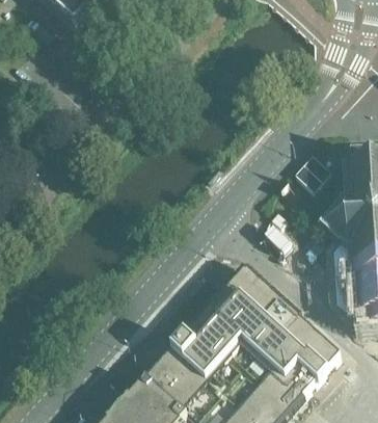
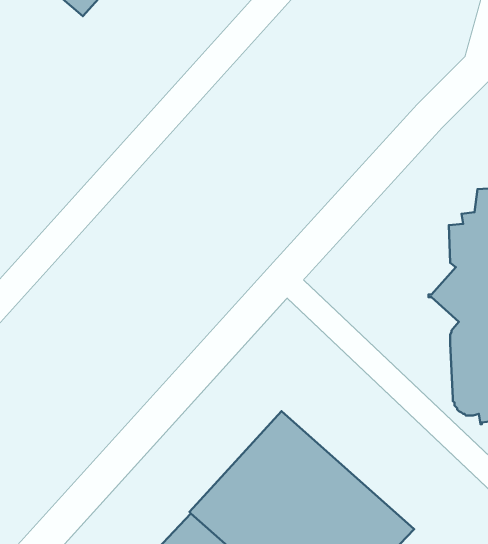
building: [211,267,339,390] -> none

